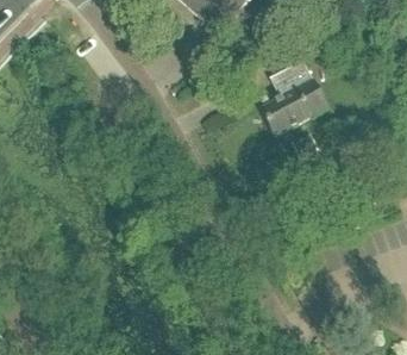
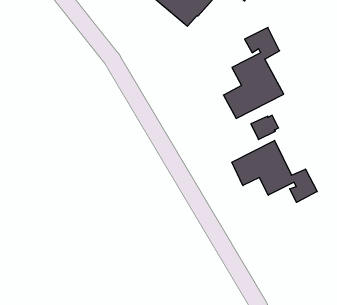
building: none -> [232,140,317,202]

